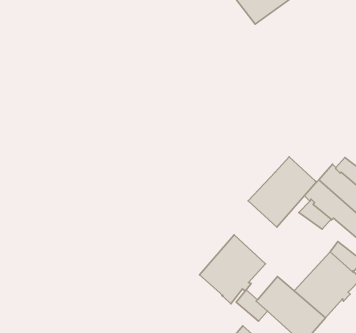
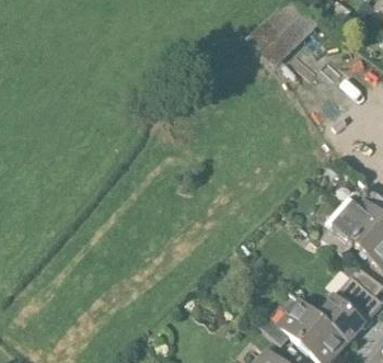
building: [248,157,317,227] -> none
building: [199,235,266,304] -> none

